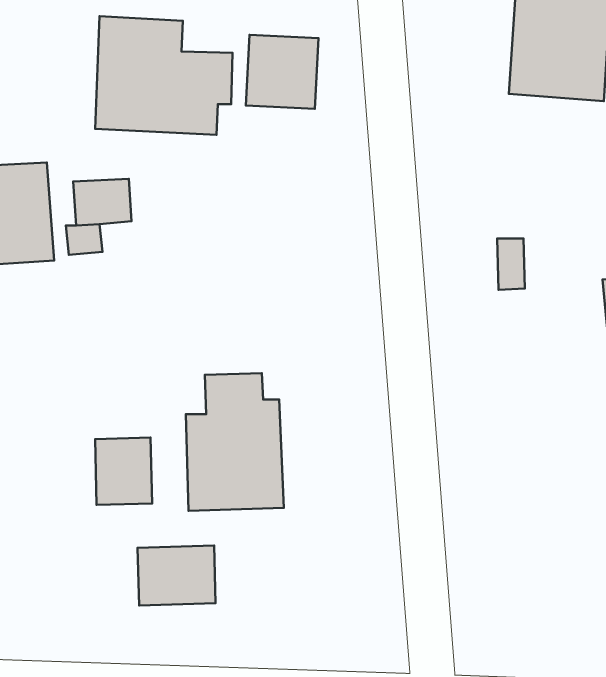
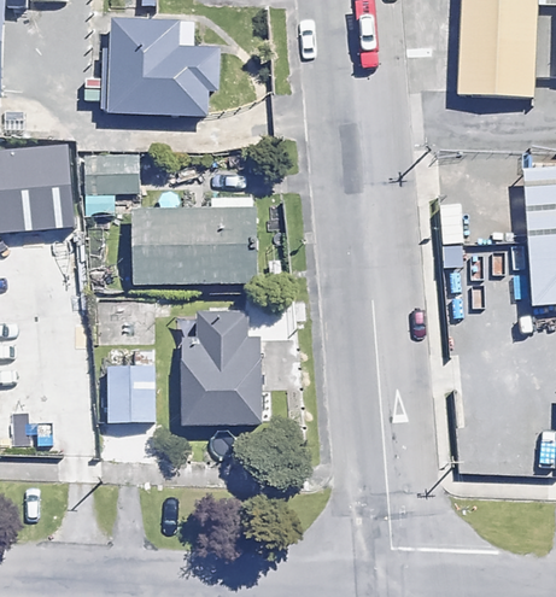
building: [246,35,319,109] -> none
building: none -> [135,195,256,282]
building: [138,546,216,605] -> none

